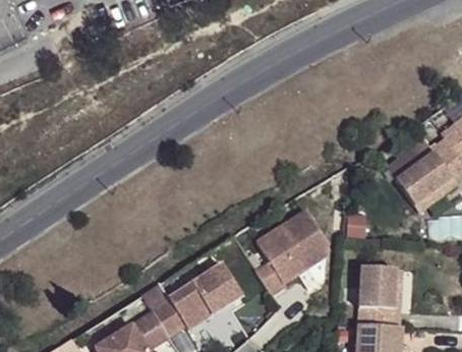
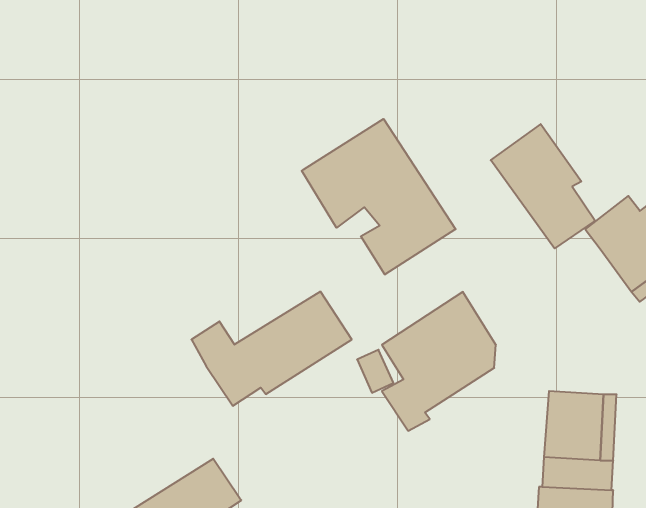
building: none -> [302,119,456,275]
building: none -> [491,124,596,248]
building: [145,263,243,334] -> [191,292,352,406]

